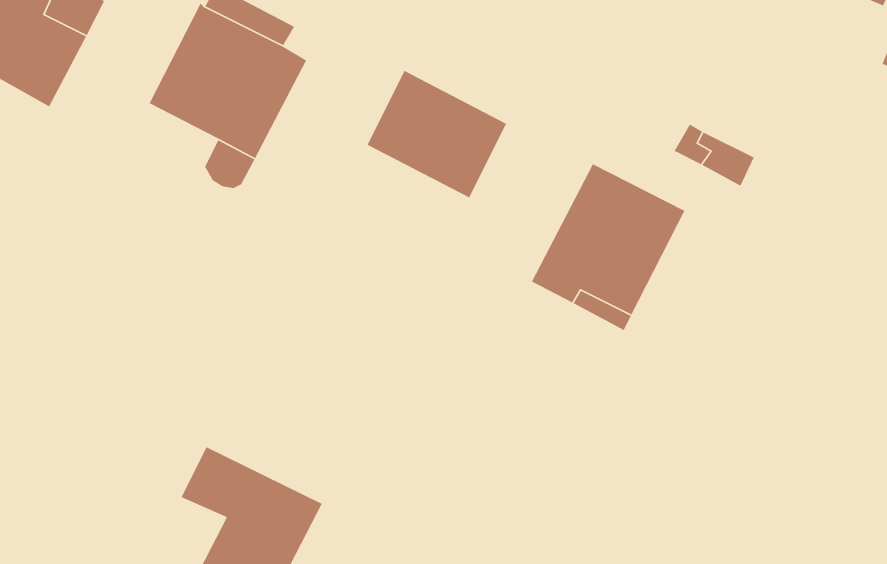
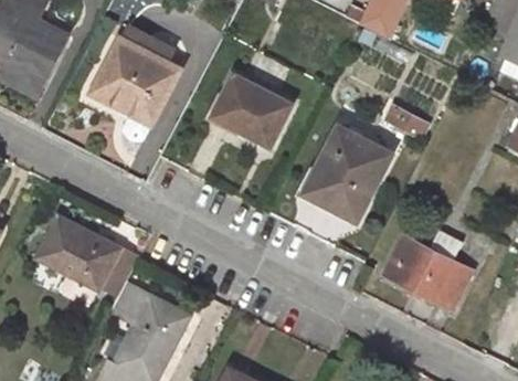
building: none -> [38,219,137,304]
building: none -> [382,230,471,309]

